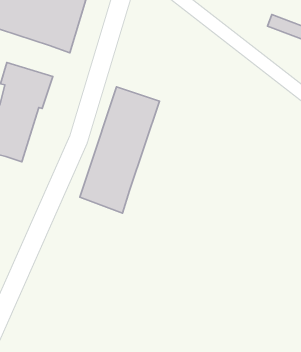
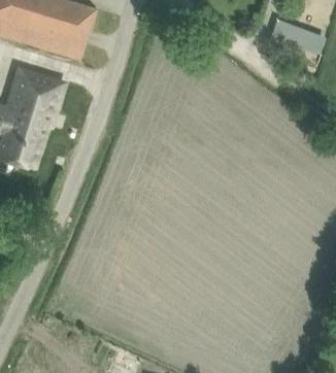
building: [80,87,159,213] -> none

